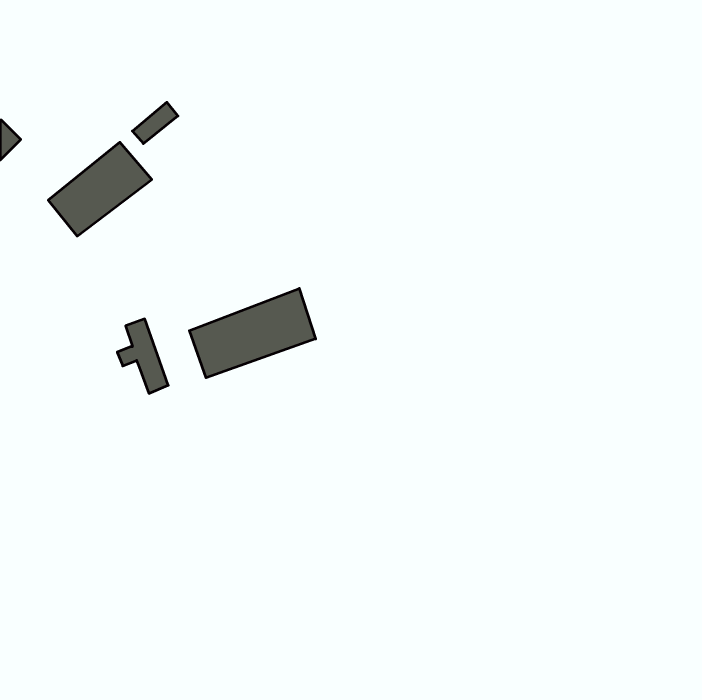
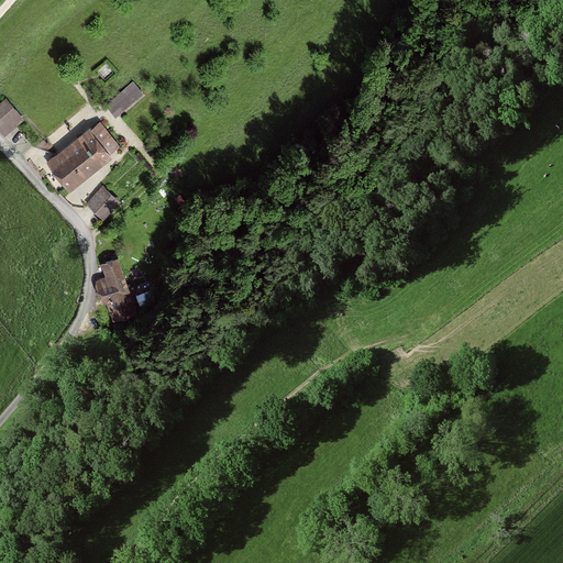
building: none -> [85,190,115,221]
building: [189,288,316,378] -> none

